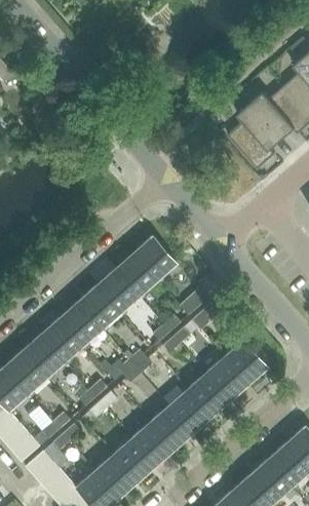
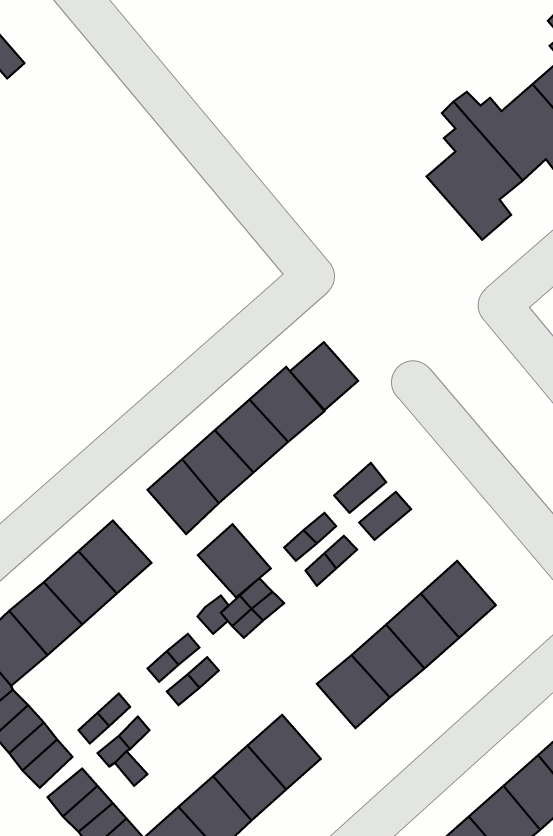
building: none -> [290,342,358,410]
building: [61,303,100,342] -> [198,524,271,597]
building: [151,406,190,446] -> none

